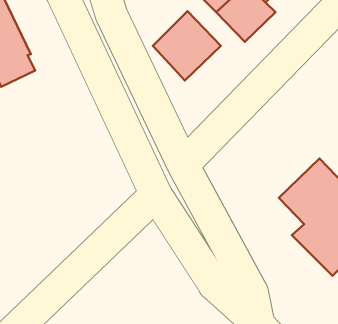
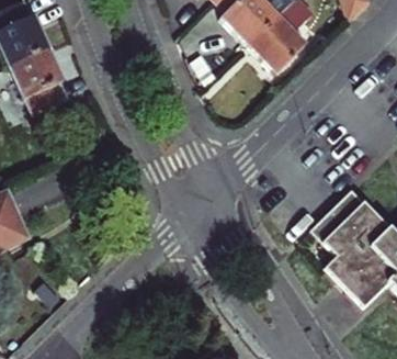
building: [153,11,221,80] -> none

